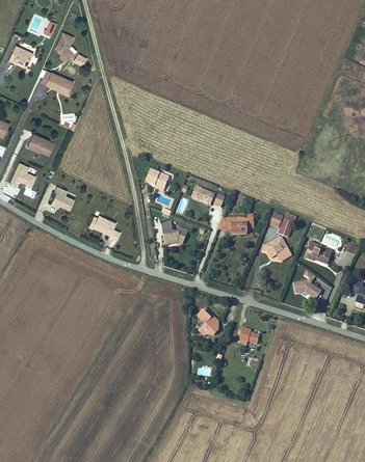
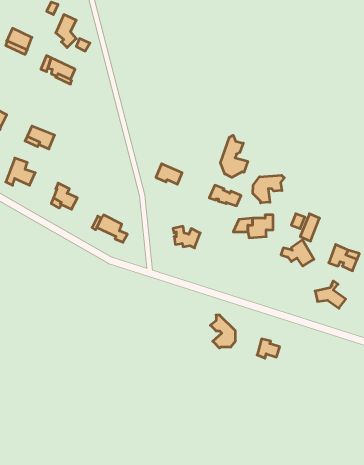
building: none -> [220,135,248,177]
building: none -> [253,175,284,203]

